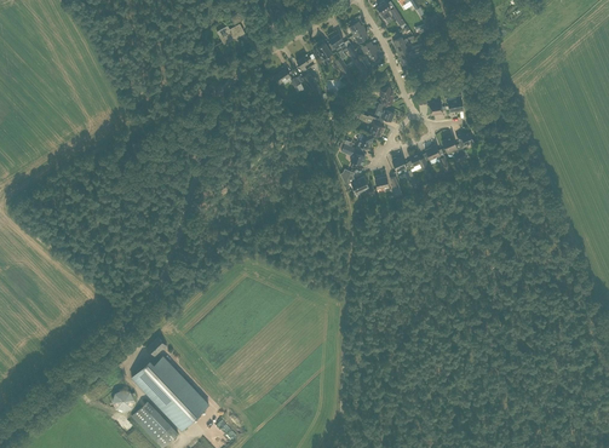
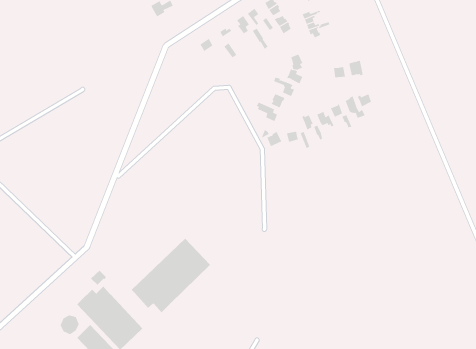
building: none -> [131,238,211,313]

